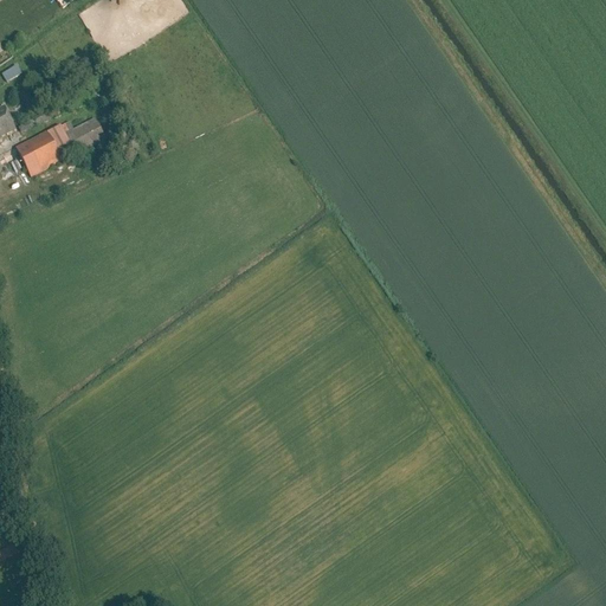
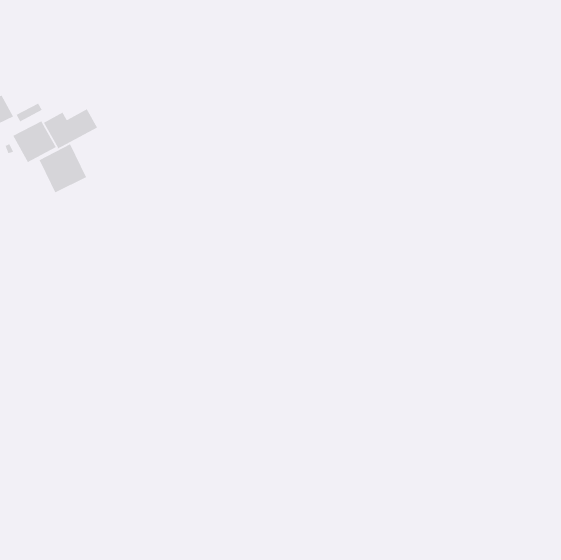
building: none -> [38,143,87,194]

